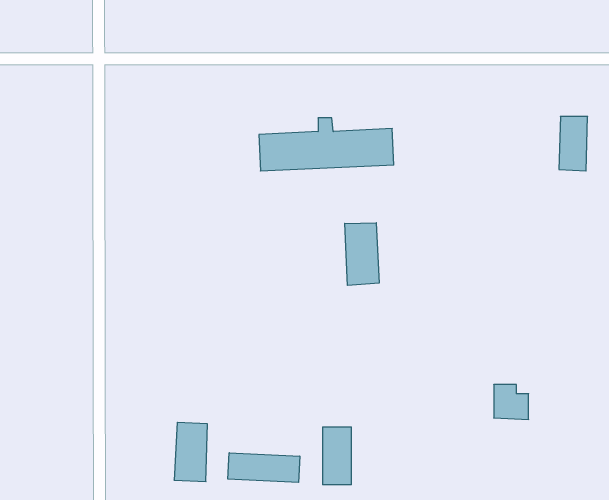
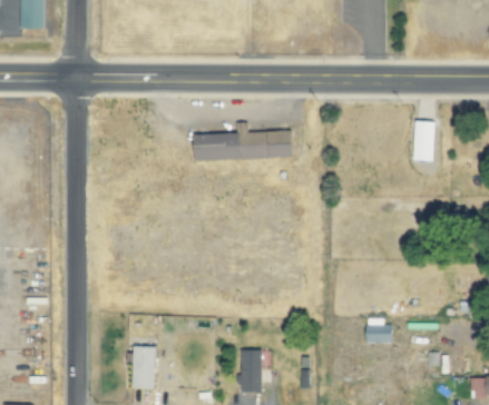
building: [345,223,379,285] -> none
building: [228,453,300,482] -> none

